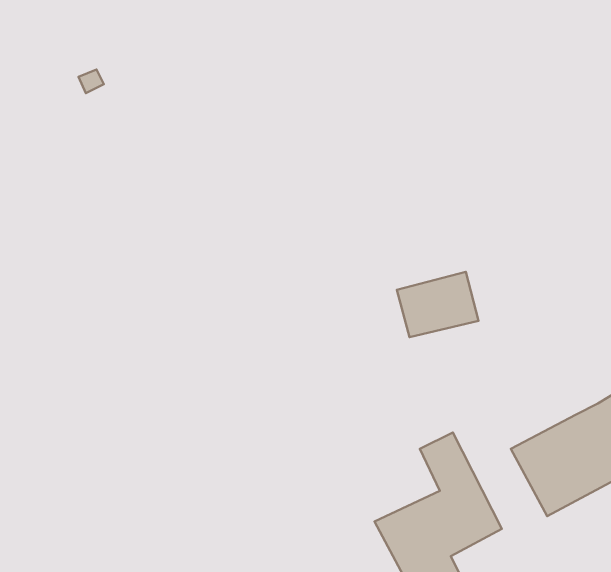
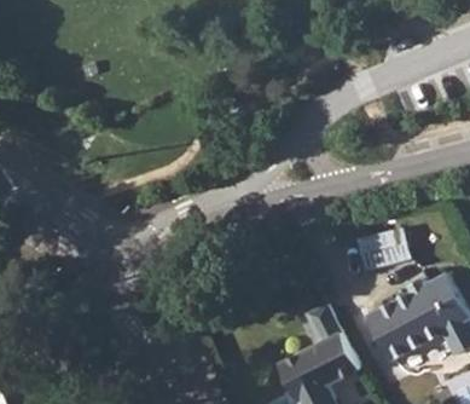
building: [397,272,479,337] -> [358,227,412,271]

